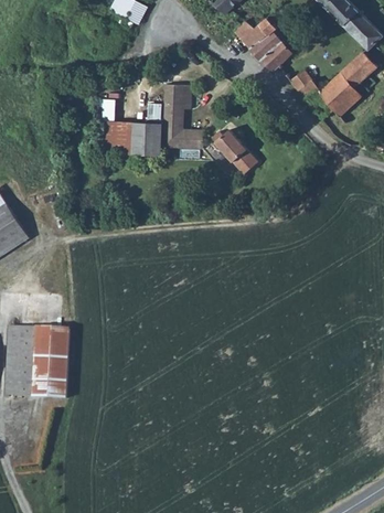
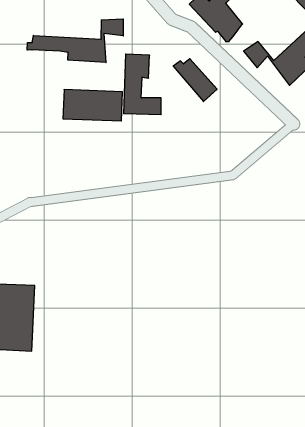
building: none -> [27,19,123,63]
building: [211,129,257,174] -> [173,59,217,102]

